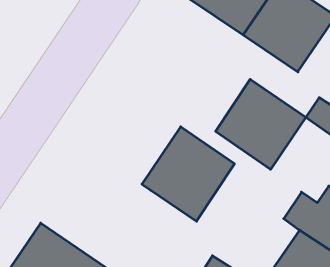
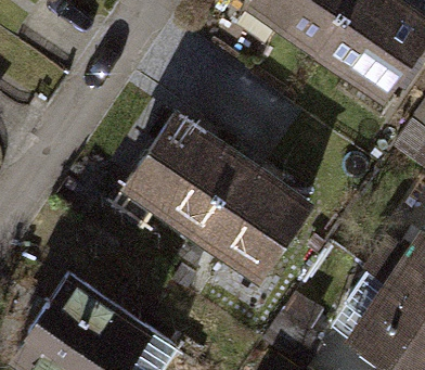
building: [216,79,306,169] -> none
building: none -> [126,116,240,231]

